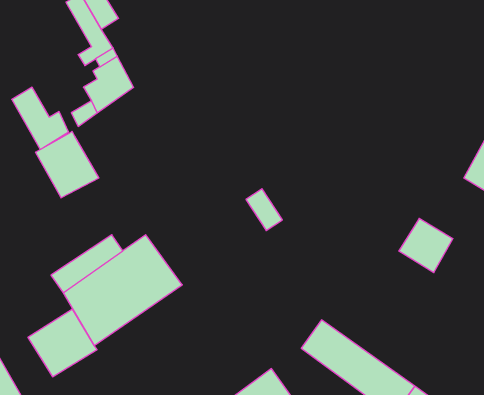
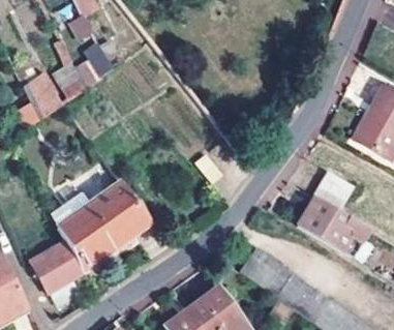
building: [36,131,99,198] -> none
building: none -> [297,196,369,258]

